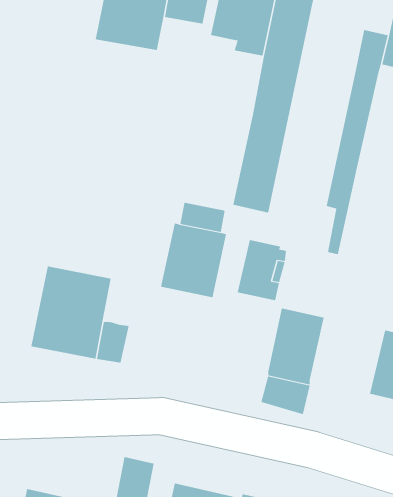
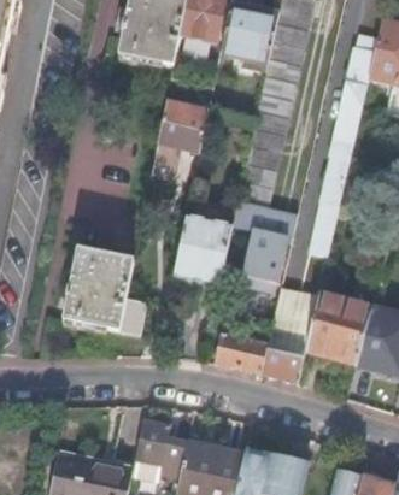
building: none -> [151,102,207,188]
building: none -> [306,295,370,363]
building: none -> [216,334,269,370]

